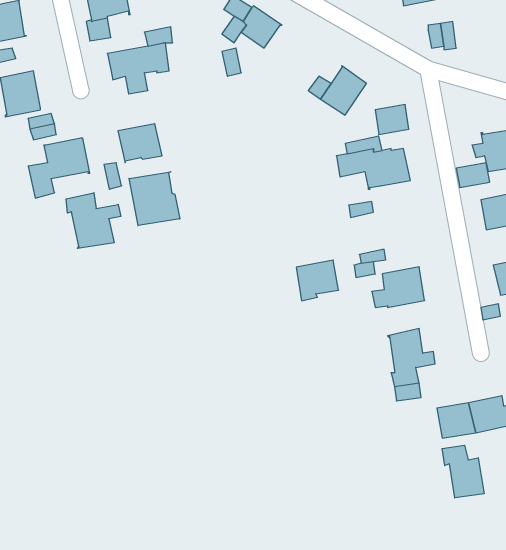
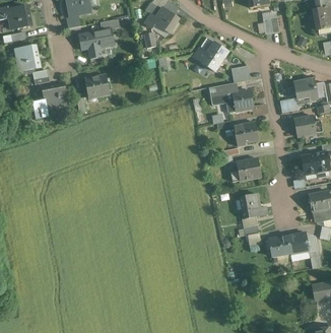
building: [129,172,180,226] -> none
building: [66,193,121,248] -> none
building: [296,260,339,301] -> [234,122,258,145]
building: [442,445,484,498] -> none

